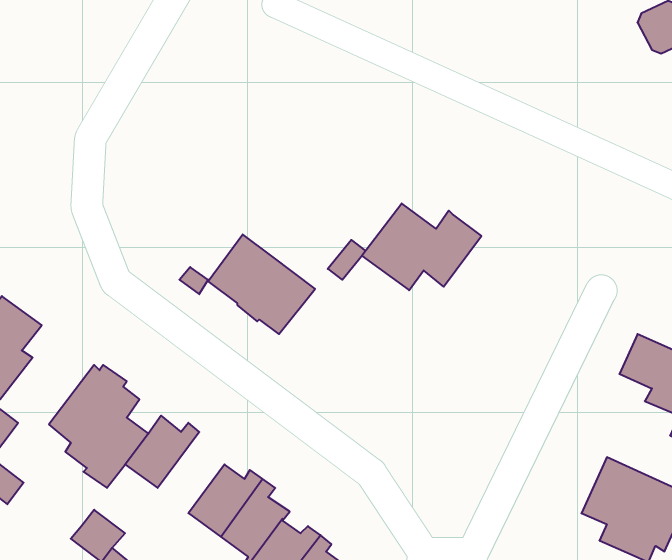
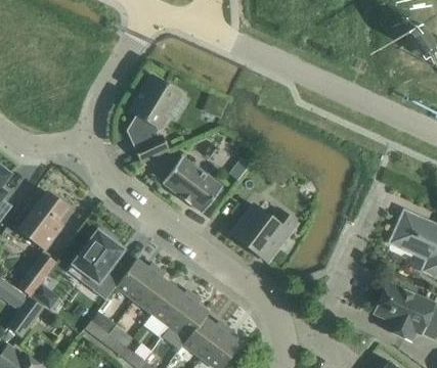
building: none -> [127,75,182,163]
building: [362,203,481,290] -> [230,204,298,254]
building: none -> [134,268,172,314]

